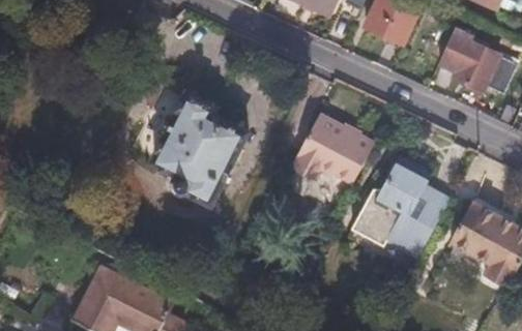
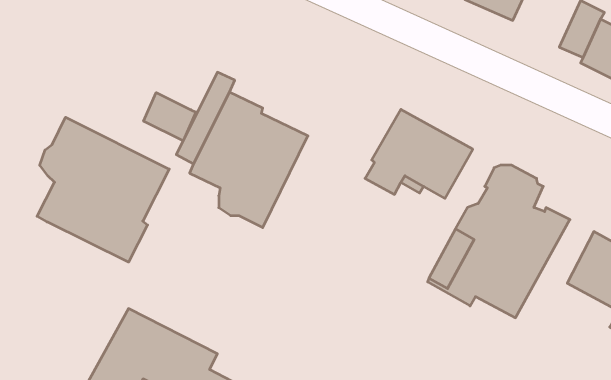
building: none -> [144,93,196,141]
building: none -> [37,117,169,262]

